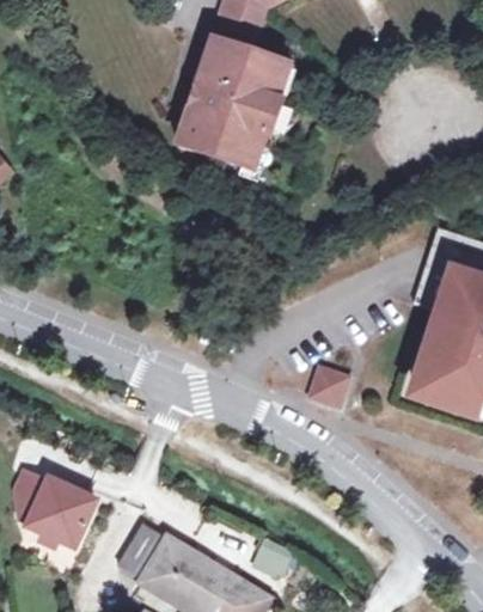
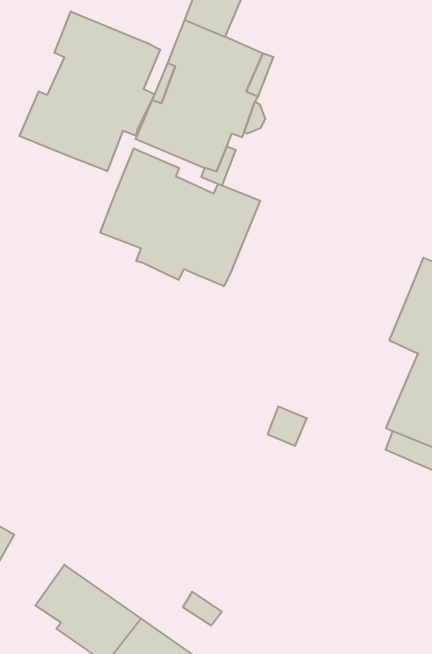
building: none -> [19,11,160,171]
building: none -> [100,148,260,286]

